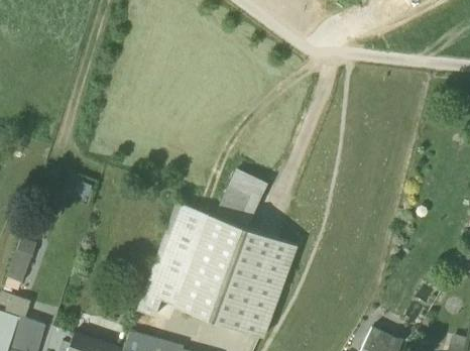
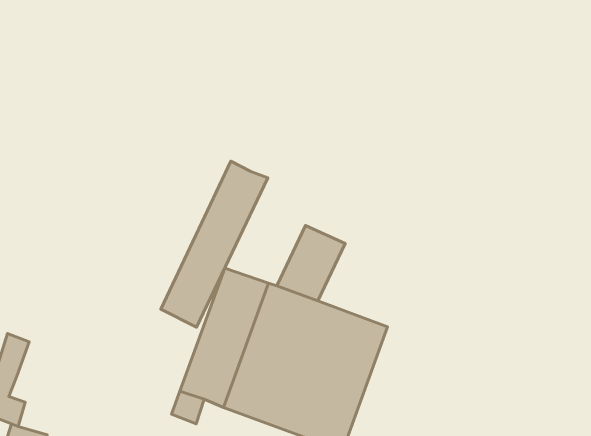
building: none -> [161,161,268,327]

